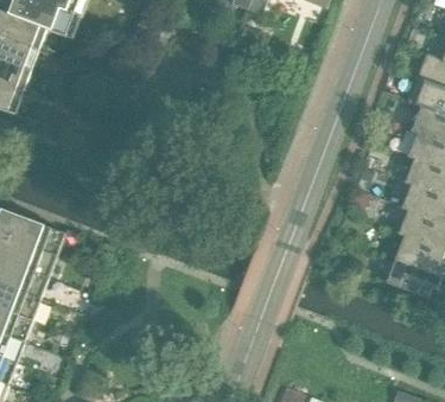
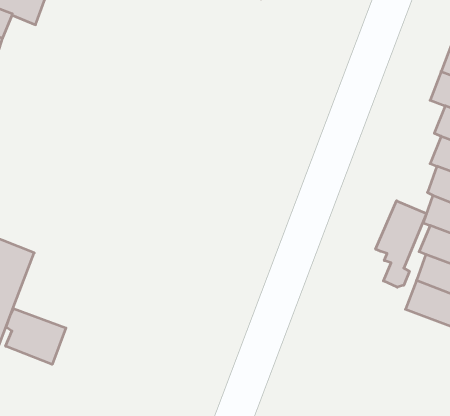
building: none -> [376,201,426,287]
building: none -> [6,308,66,364]

